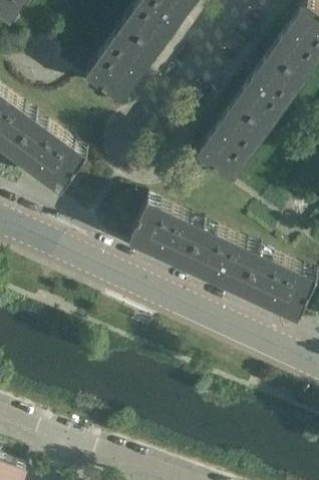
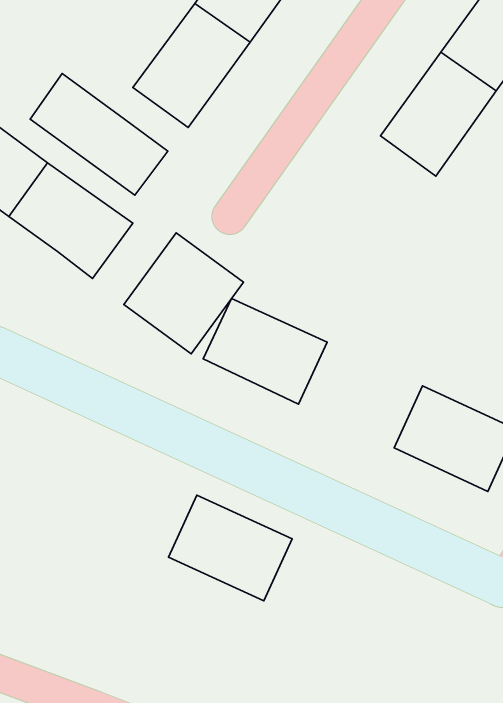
building: none -> [30,74,168,195]
building: [199,106,268,180] -> none
building: none -> [124,233,244,354]
building: [186,229,260,293] -> [168,495,292,601]

